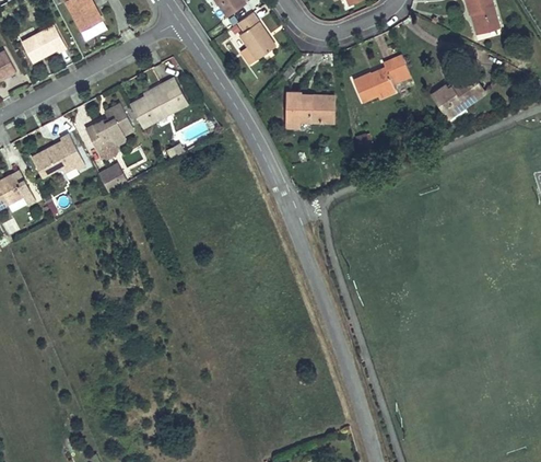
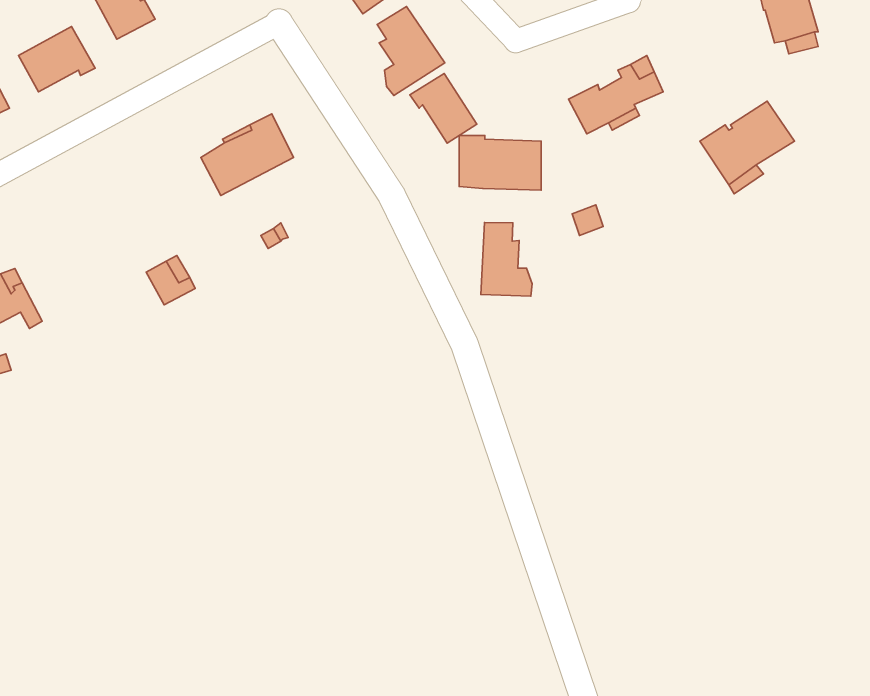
building: none -> [410,73,477,143]
building: [84,103,132,160] -> none
building: [31,135,84,178] -> none
building: none -> [481,223,532,296]

